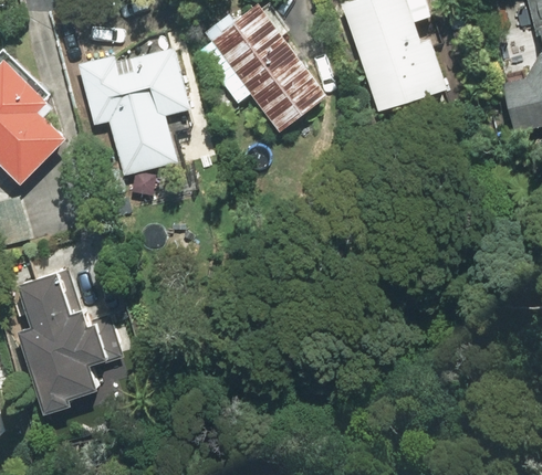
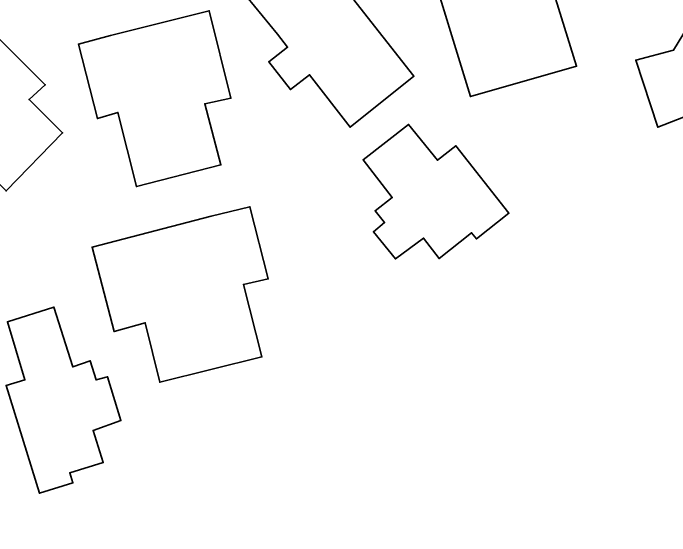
building: none -> [363,124,509,259]
building: none -> [92,207,268,382]

